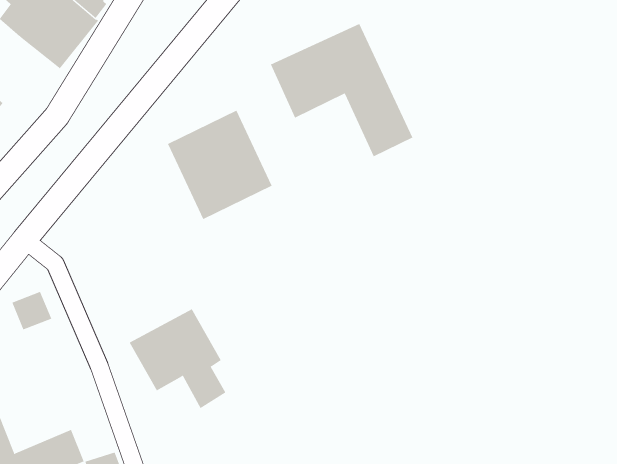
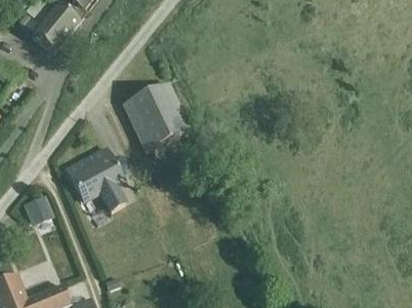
building: [270,23,413,157] -> none
building: [129,308,226,409] -> [66,146,127,209]

